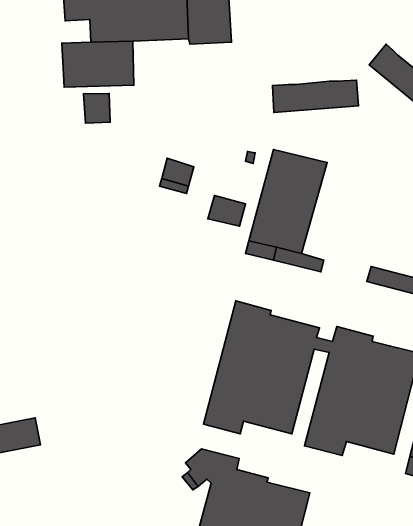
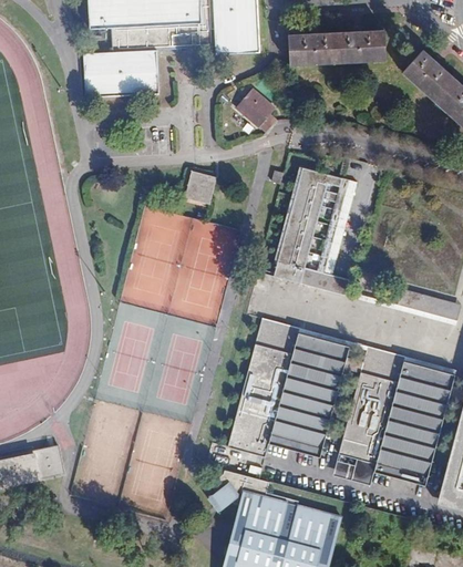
building: none -> [236,86,280,132]
building: [273,80,359,112] -> [288,28,377,61]
building: [83,93,110,123] -> none
building: [208,196,245,226] -> none

